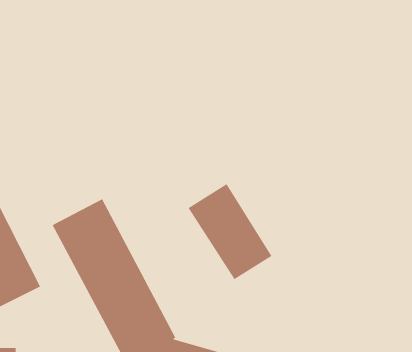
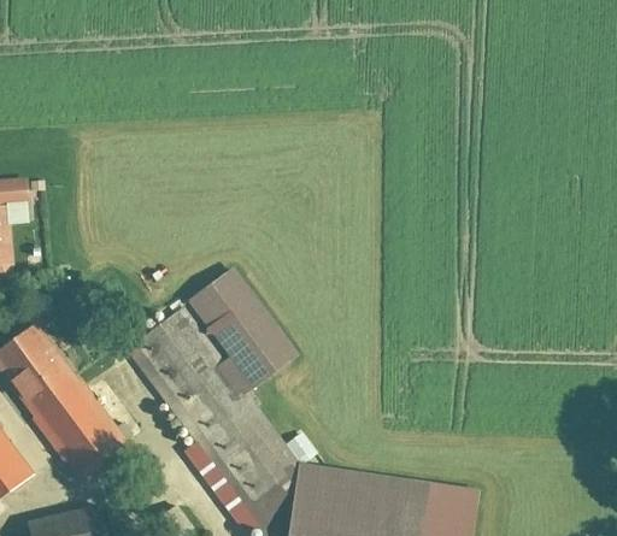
building: [188,183,273,280] -> [187,265,302,385]

